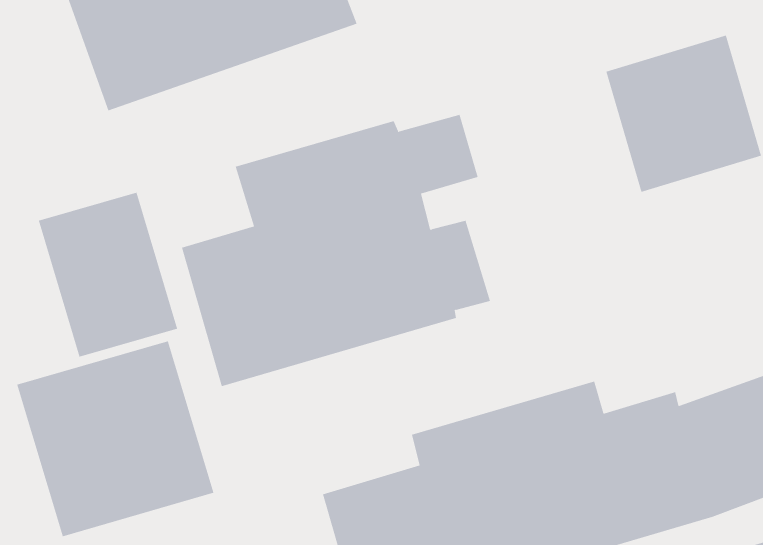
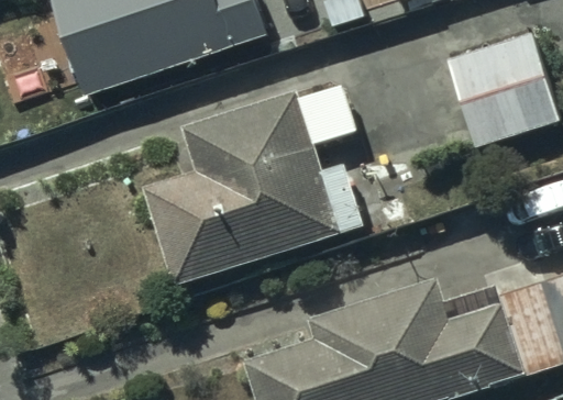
building: [38,192,178,358] -> none
building: [17,340,214,537] -> none

